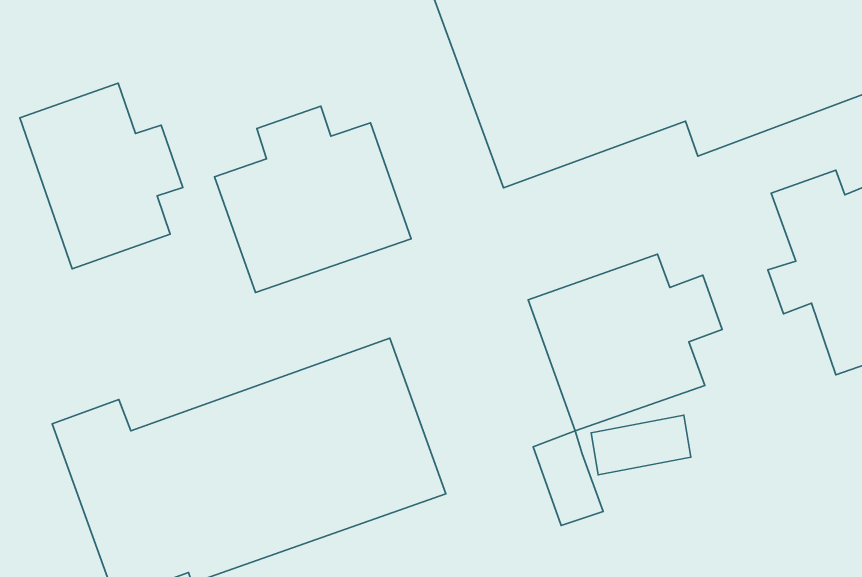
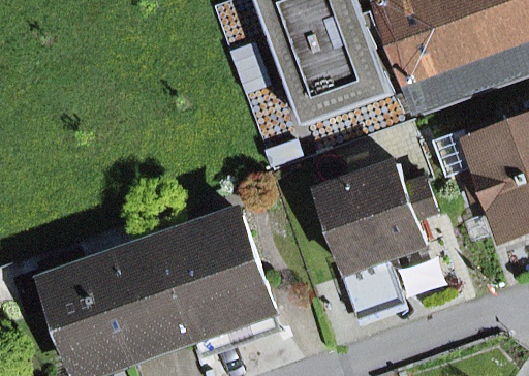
building: [20,83,183,269] -> none
building: [215,106,411,293] -> none

